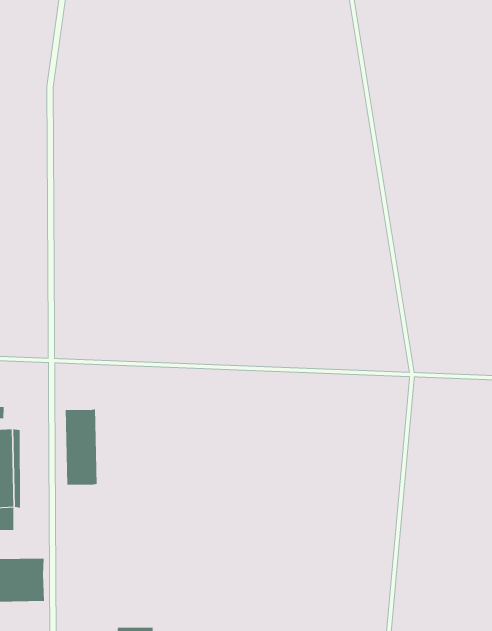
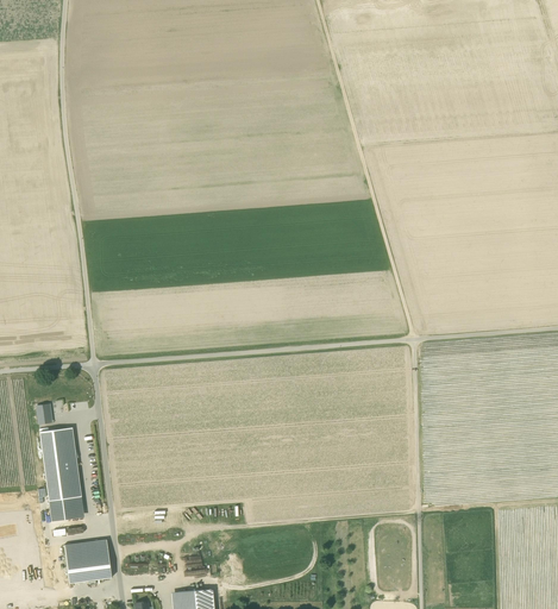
building: [65,409,97,485] -> none

